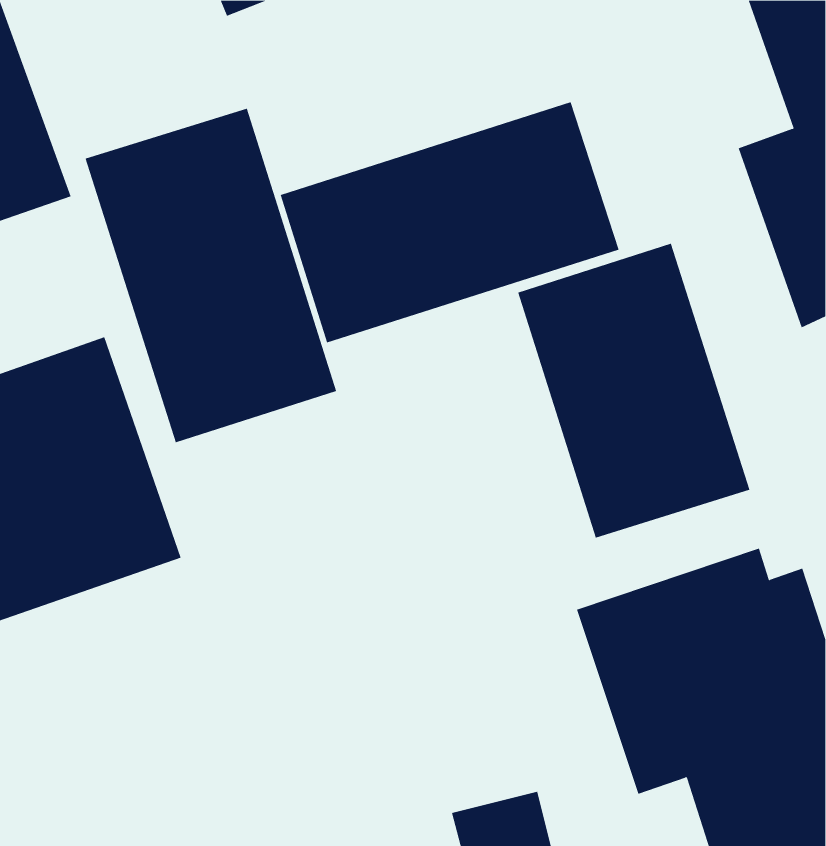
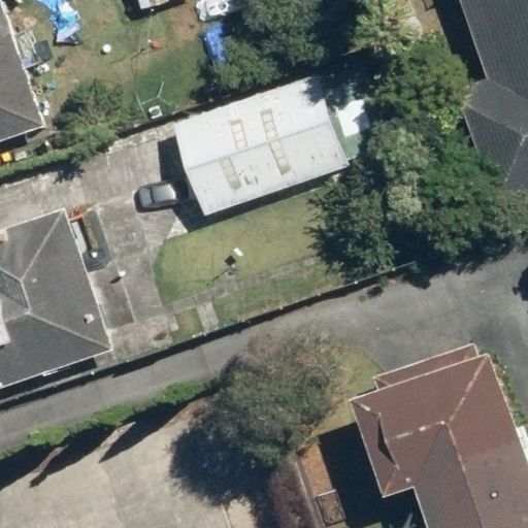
building: [85,108,337,443] -> none
building: [518,243,750,539] -> none

